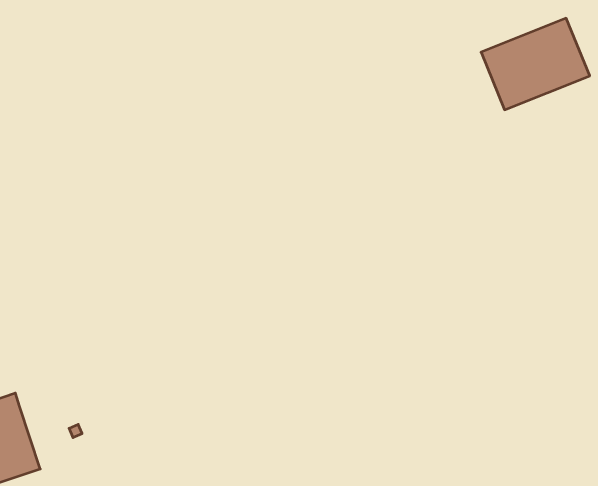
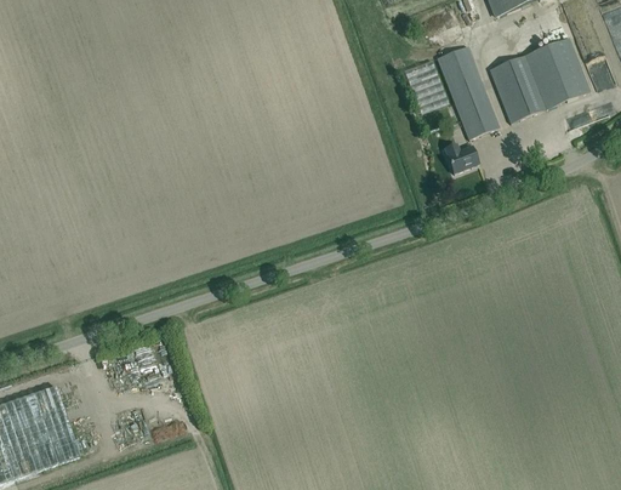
building: none -> [437,44,498,137]
building: none -> [444,142,478,172]

